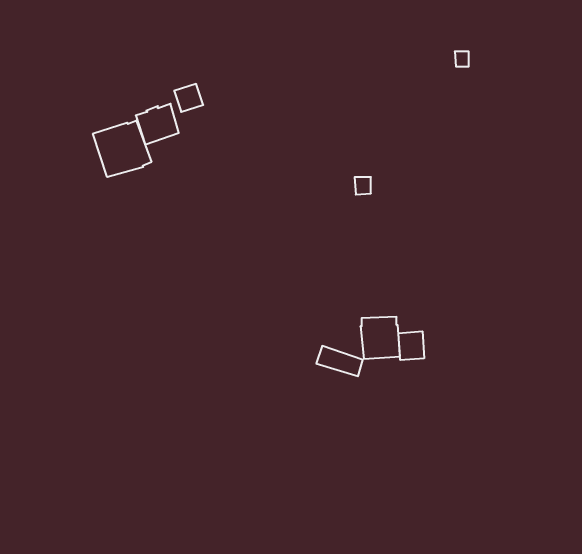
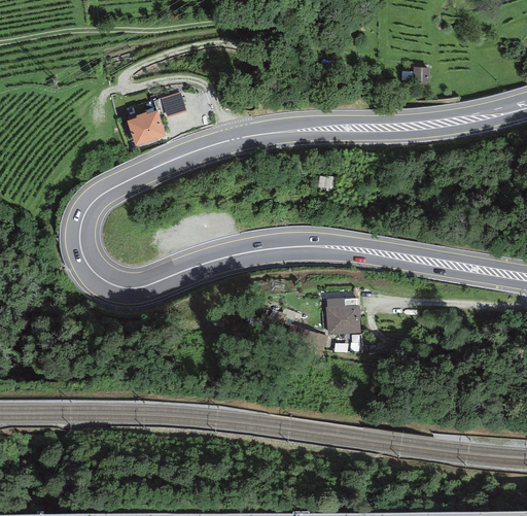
building: [93,120,151,177] -> none
building: [399,331,424,360] -> none

